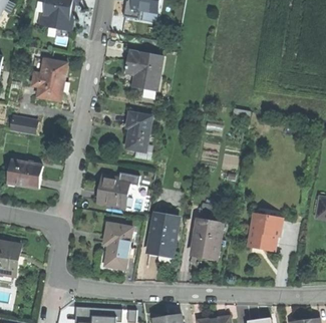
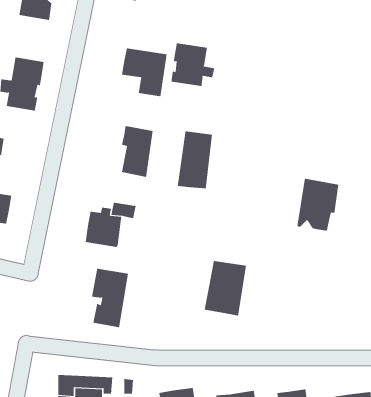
building: none -> [171,42,215,87]
building: none -> [177,130,213,189]
building: [248,210,281,251] -> [296,178,339,231]
building: [147,214,178,256] -> none

